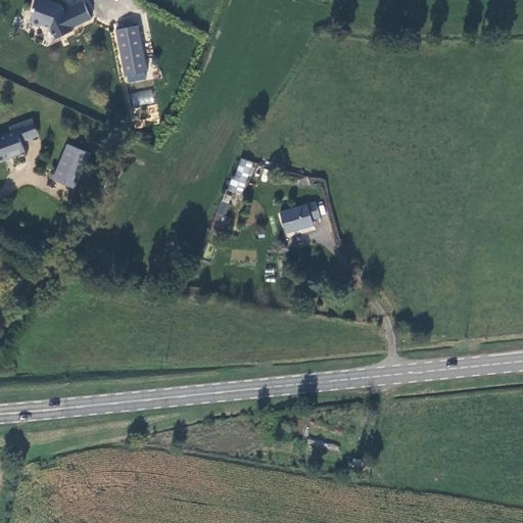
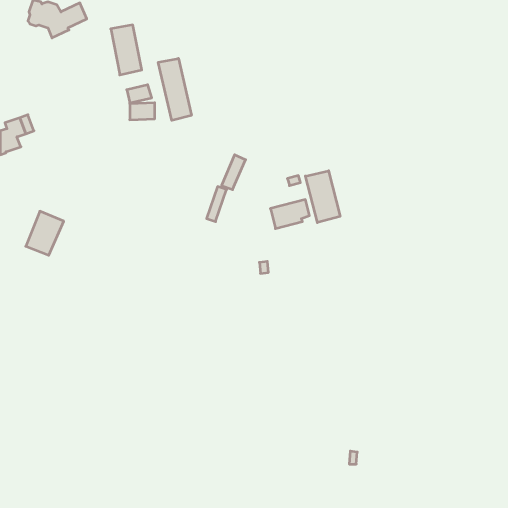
building: none -> [158,58,191,120]
building: [51,143,90,188] -> [26,211,64,255]
building: none -> [305,171,340,223]

